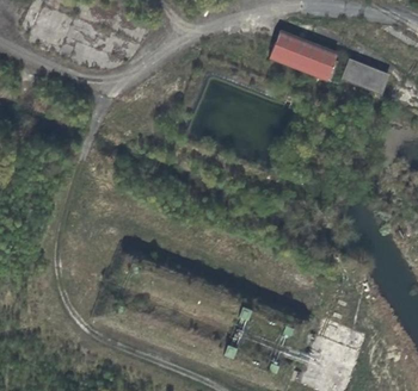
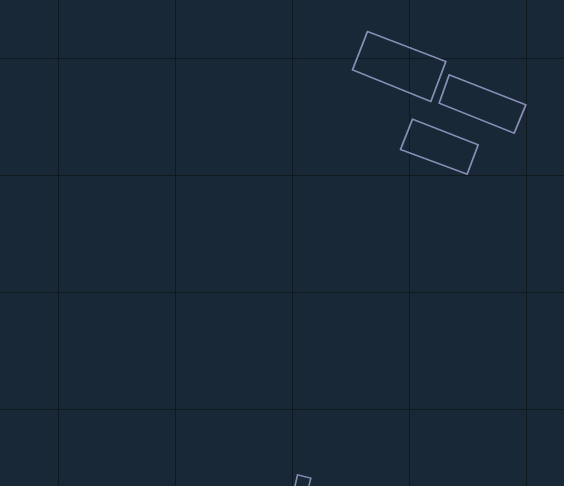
building: none -> [400,119,478,174]

